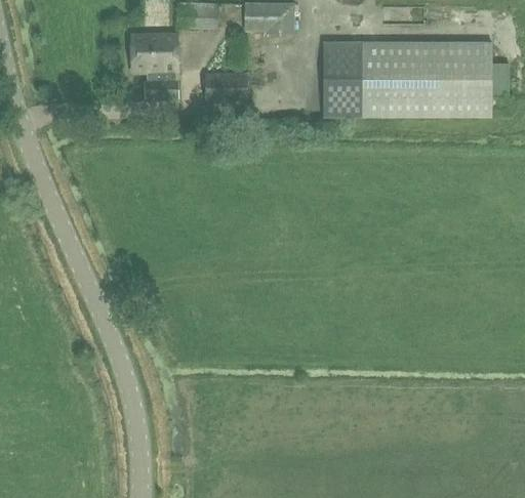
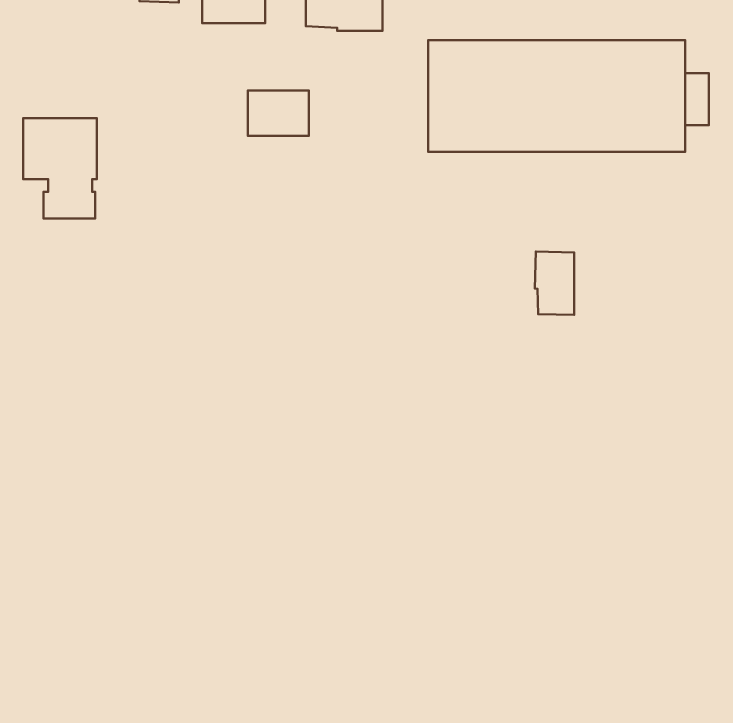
building: [130,35,178,100] -> [23,118,97,219]
building: none -> [535,252,574,315]

